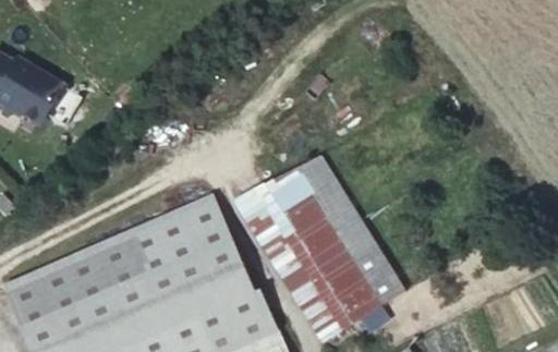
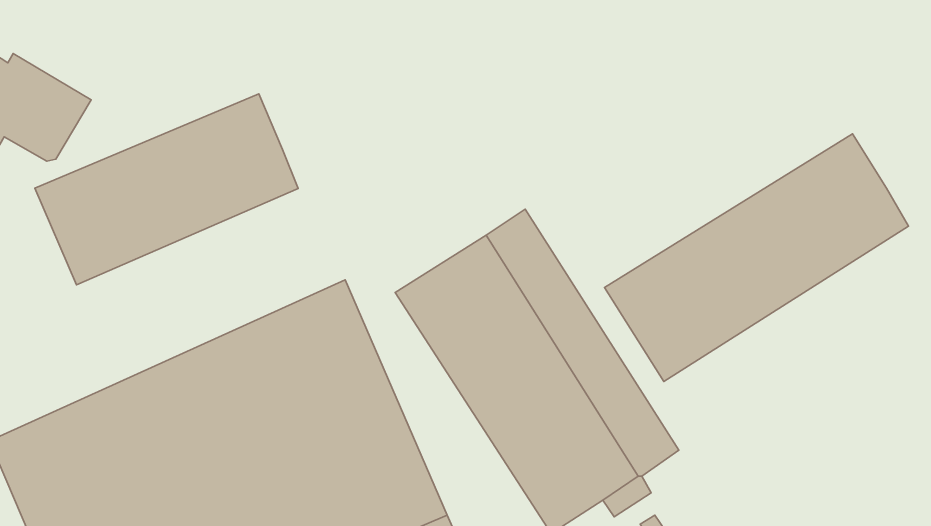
building: none -> [35,94,298,285]
building: none -> [604,134,909,381]

